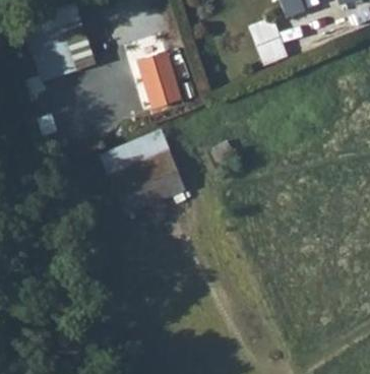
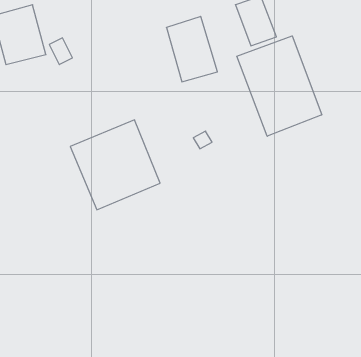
building: [138,48,185,108] -> [166,16,217,82]
building: none -> [237,36,322,136]

